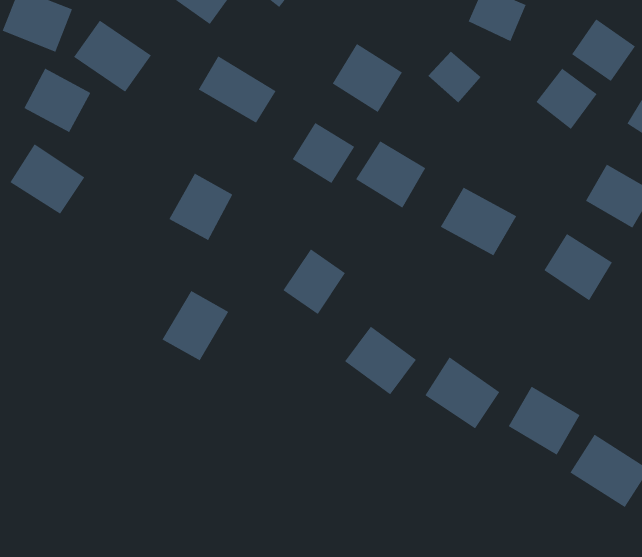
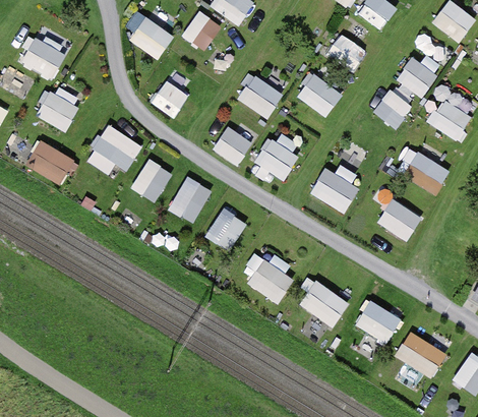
building: [73,20,152,92] -> [89,123,141,171]
building: [161,290,229,361] -> [167,176,212,223]

